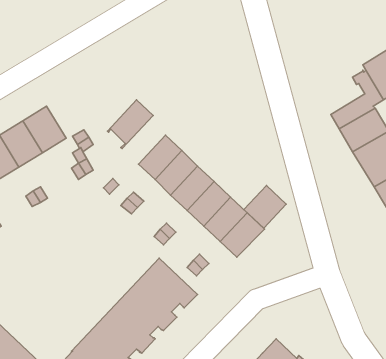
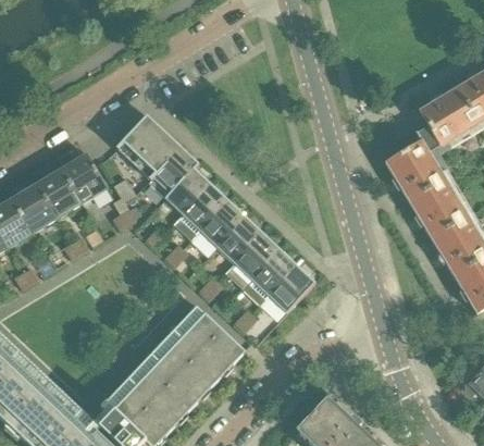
building: none -> [115,113,181,178]
building: none -> [165,162,211,213]
building: [244,186,286,228] -> none

